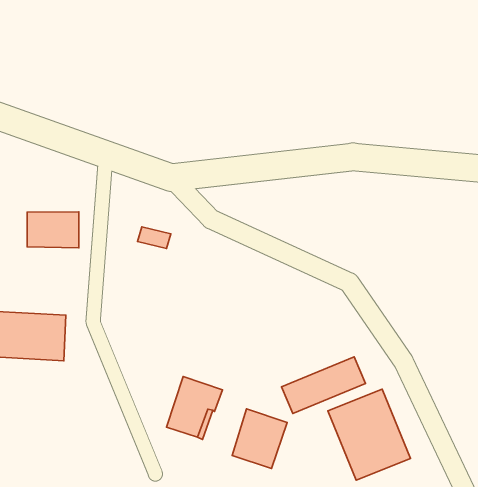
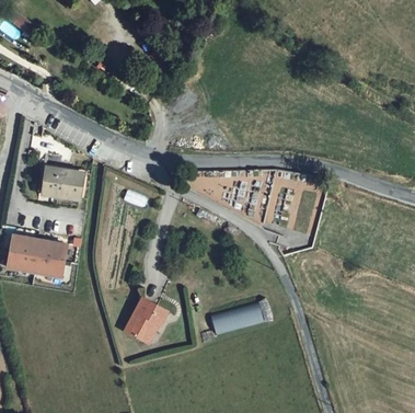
building: [328,389,411,480] -> none
building: [232,409,287,468] -> none

